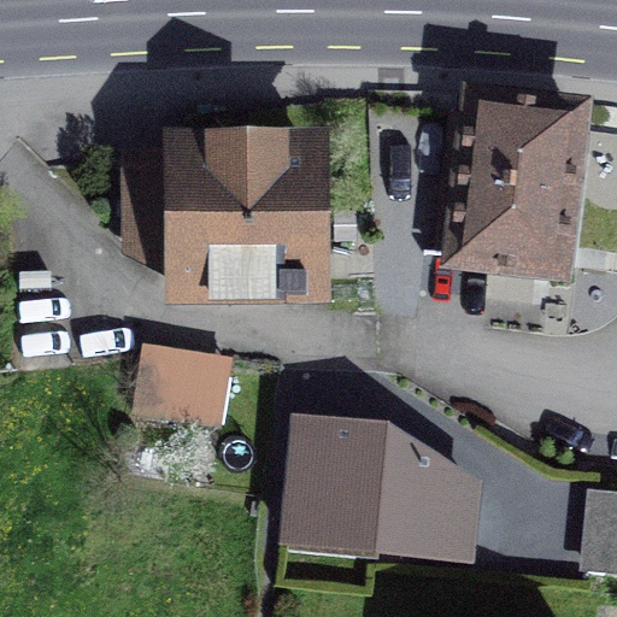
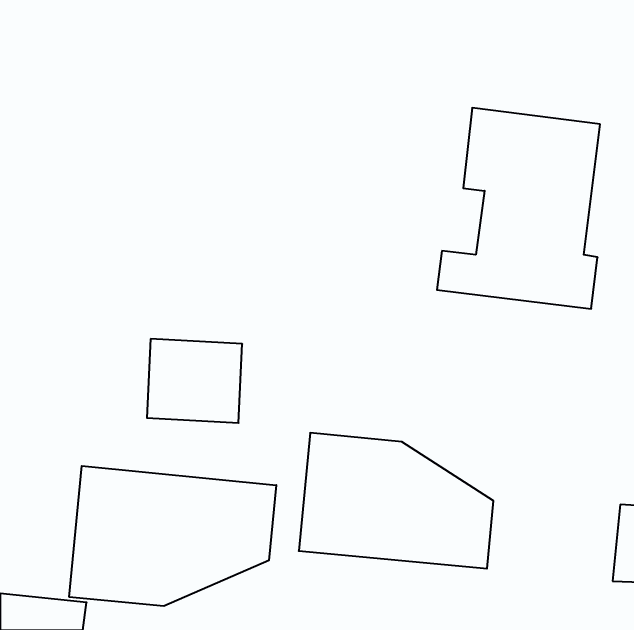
building: [118,153,321,287] -> none
building: none -> [69,466,276,606]

